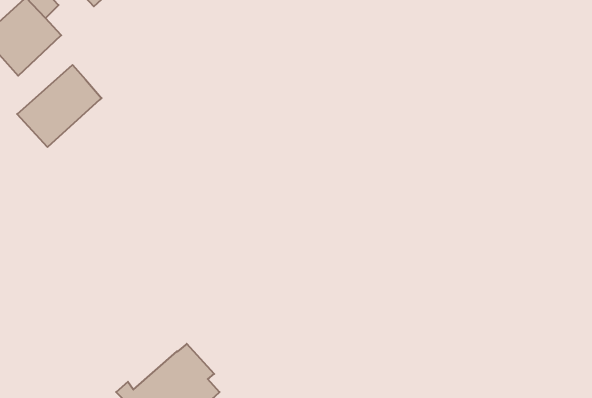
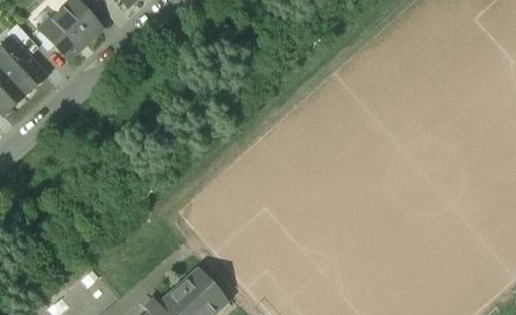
building: [17,65,102,147] -> none

